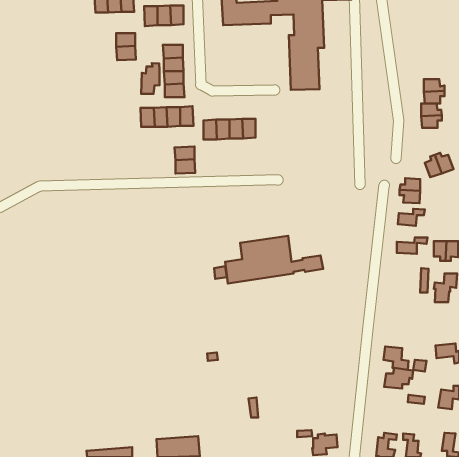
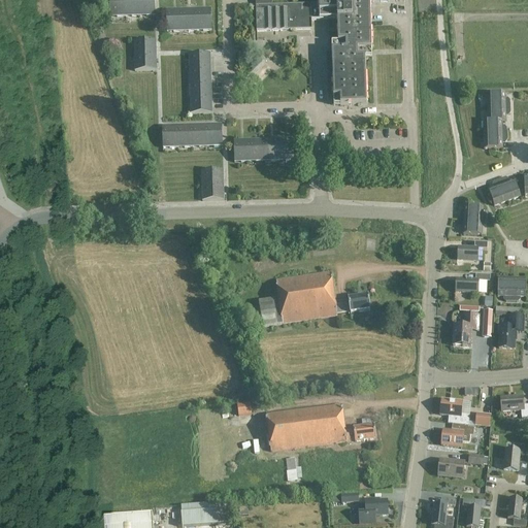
building: [141,63,159,94] -> none
building: none -> [452,311,477,344]
building: none -> [265,403,375,450]
building: none -> [437,457,464,476]

